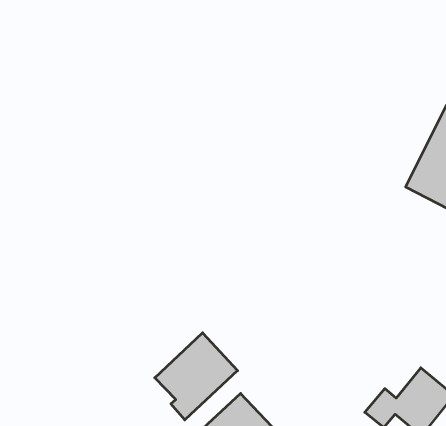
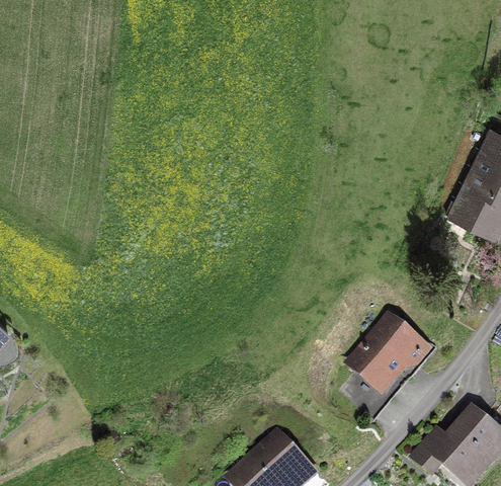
building: none -> [347,316,424,389]
building: [155,333,238,420] -> none

